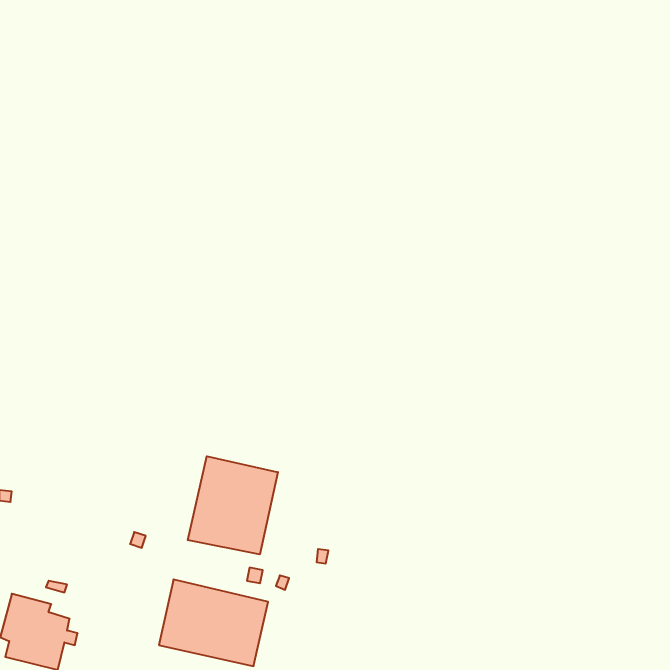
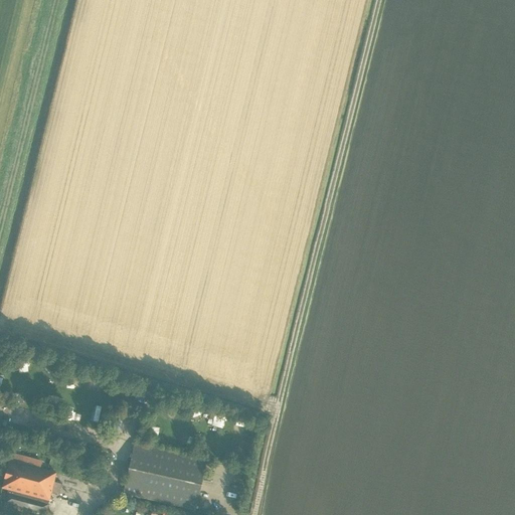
building: [188,456,278,554] -> none

